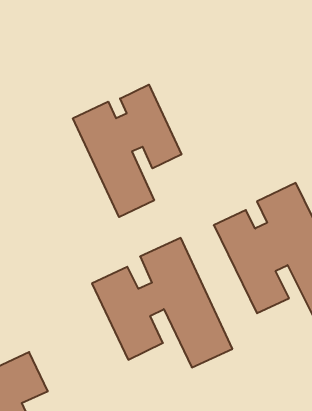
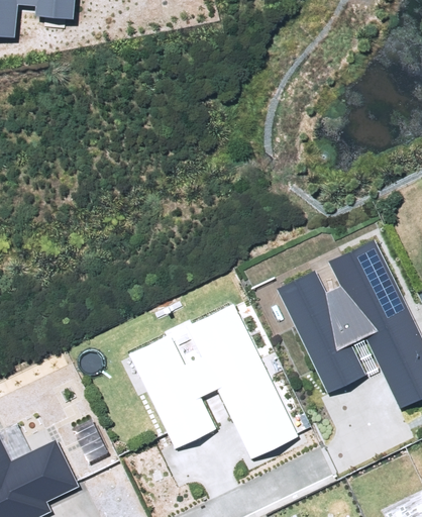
building: [73,85,181,217] -> none

